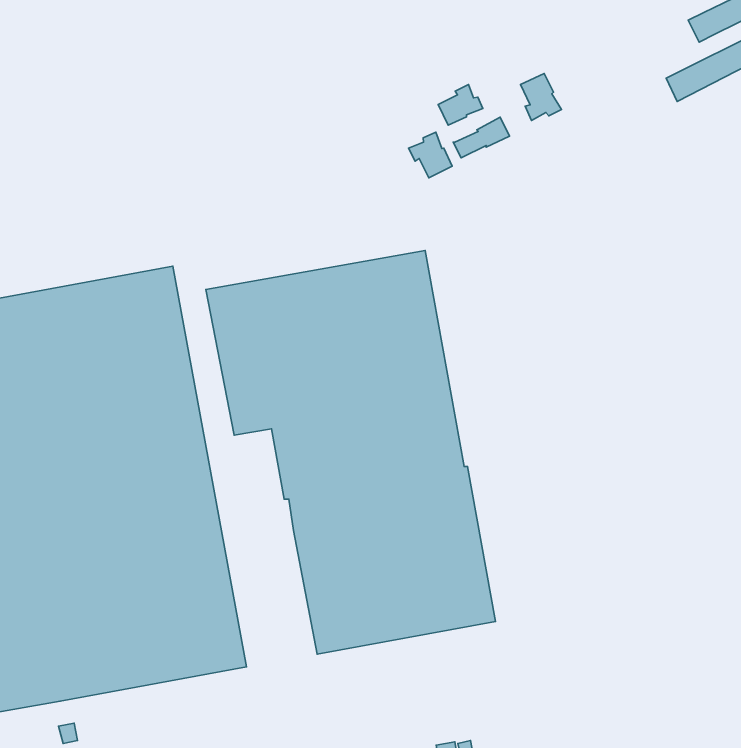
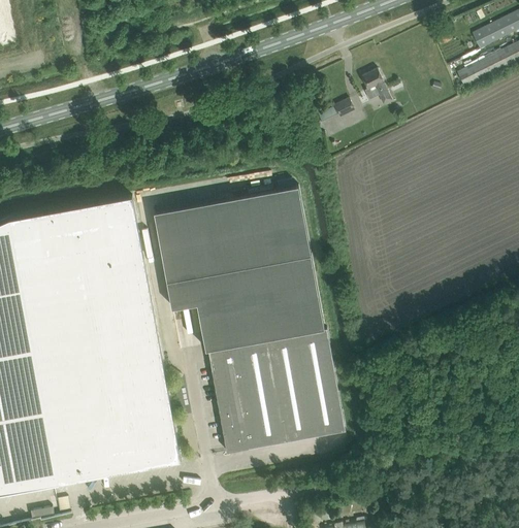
building: [438,85,483,125] -> none
building: [408,132,452,178] -> none

